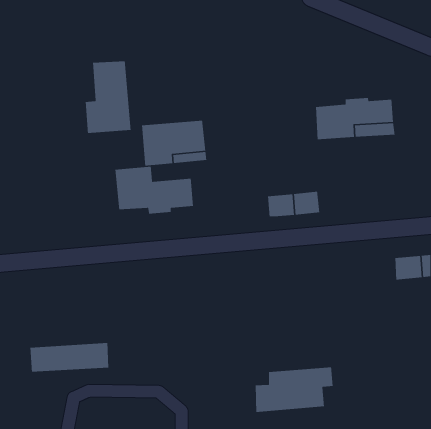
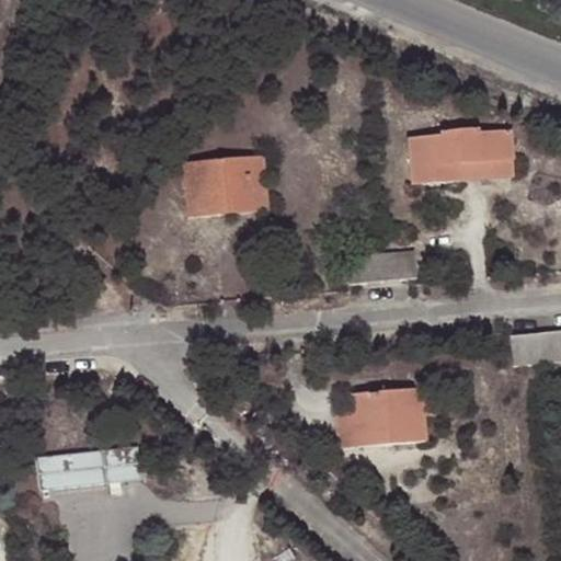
building: [85,60,131,134] -> none
building: [115,166,194,215] -> none
building: [255,366,333,413] -> [335,387,437,447]

